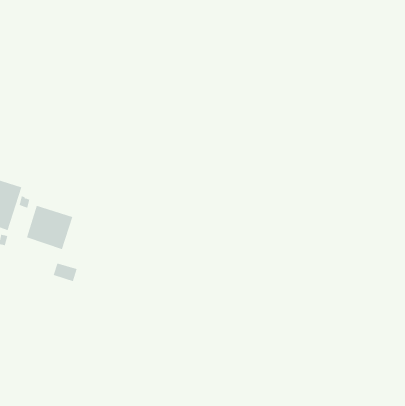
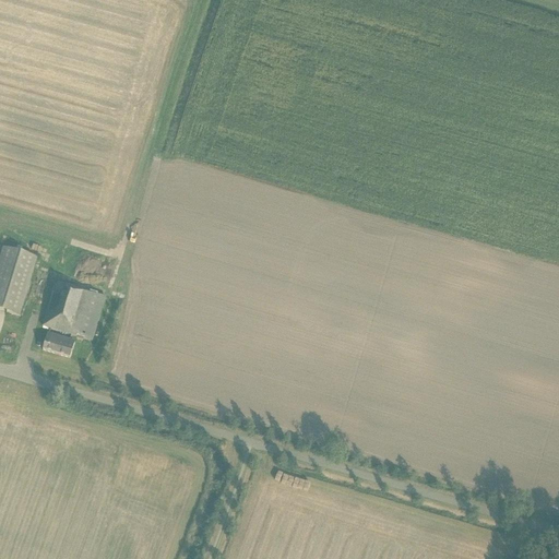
building: [53,263,78,282] -> [41,330,74,355]

